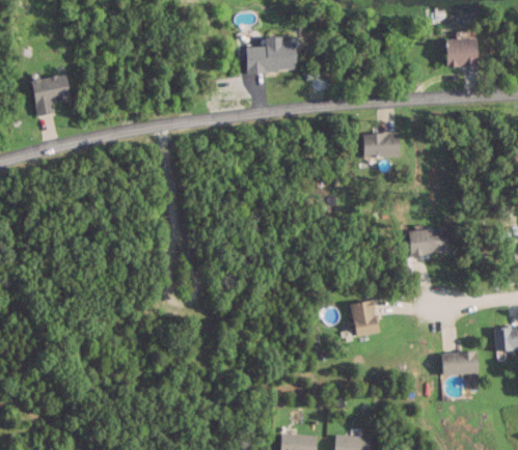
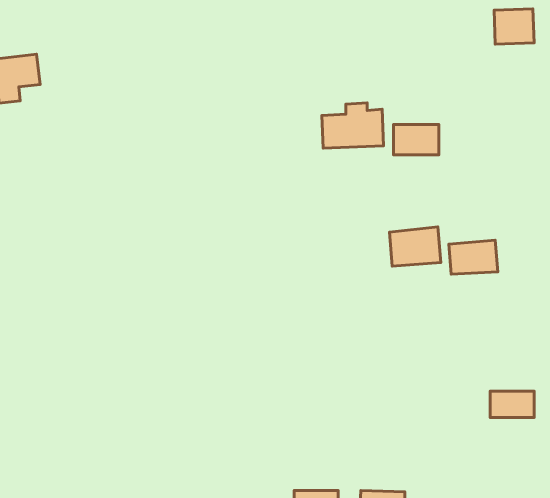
building: [246,36,297,74] -> [322,103,383,148]
building: none -> [390,227,441,266]
building: [351,300,380,336] -> none

